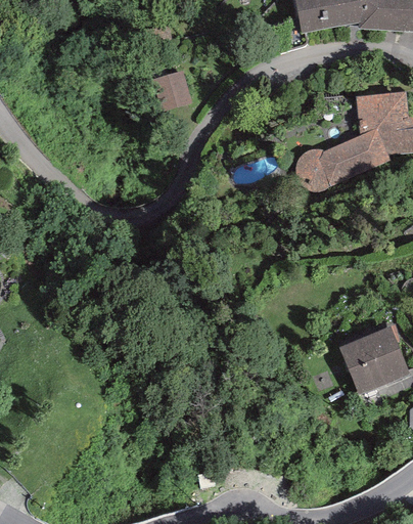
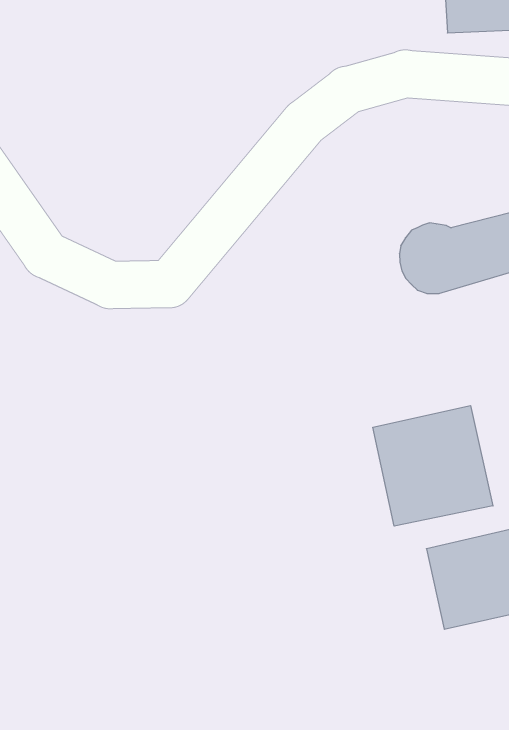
building: [151,71,192,113] -> none
building: none -> [373,406,493,526]

